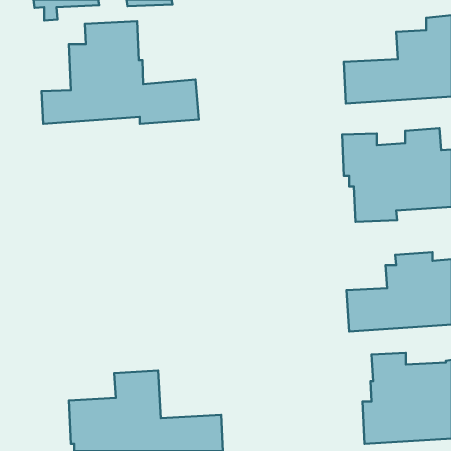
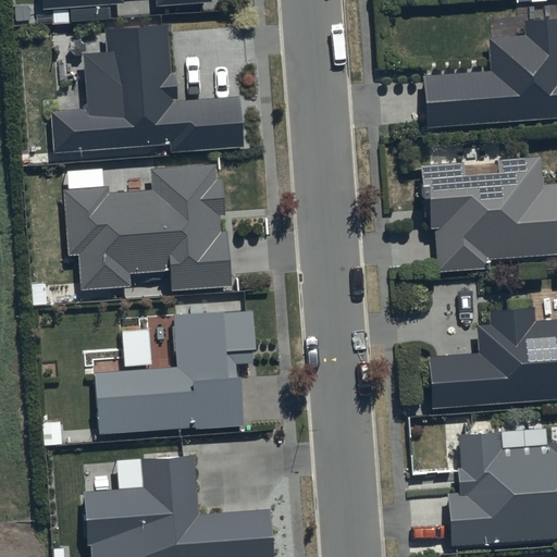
building: none -> [63,161,232,288]
building: none -> [97,312,257,434]

